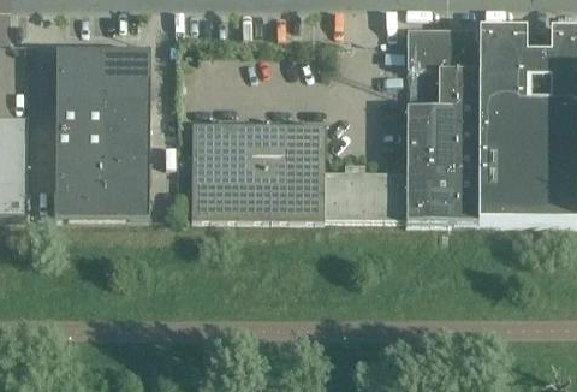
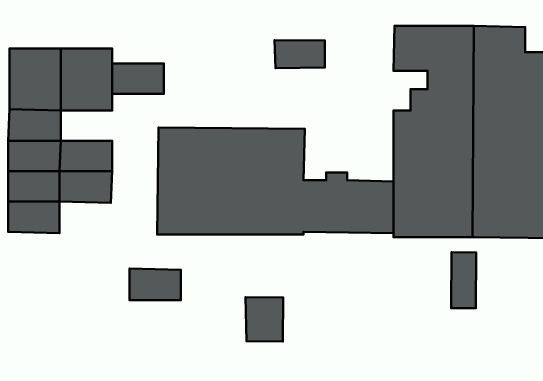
building: none -> [275,40,325,68]
building: [103,105,150,132] -> [112,63,164,94]
building: [102,188,149,216] -> [129,269,181,300]
building: none -> [451,252,476,308]
building: none -> [245,297,283,342]

